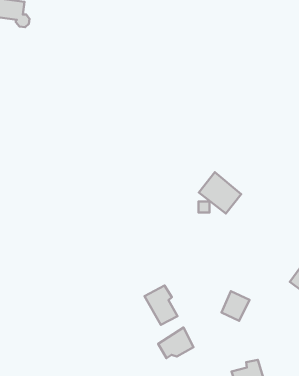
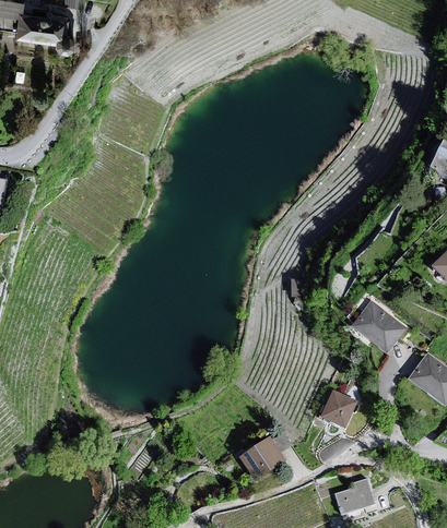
building: [199,172,241,214] -> [352,299,407,352]
building: [145,285,178,325] -> none

